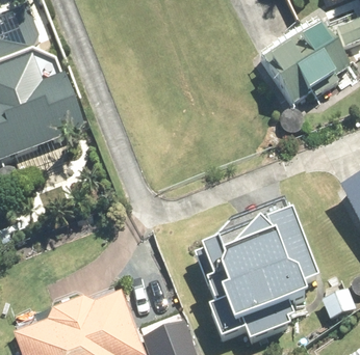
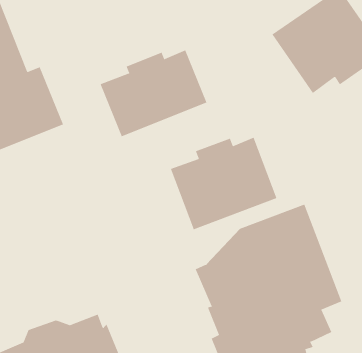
building: none -> [100,49,207,137]
building: none -> [170,137,277,230]

